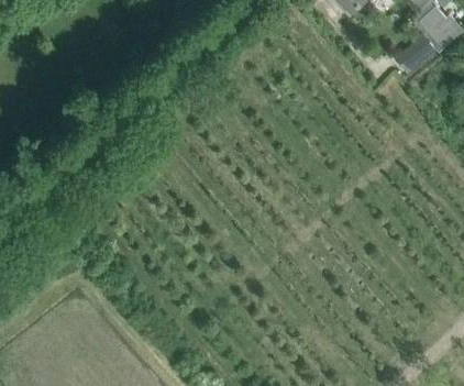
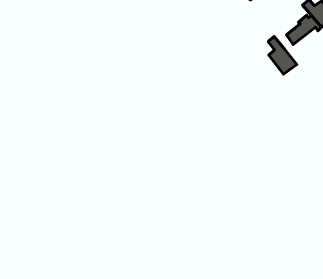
building: none -> [268,37,297,74]

